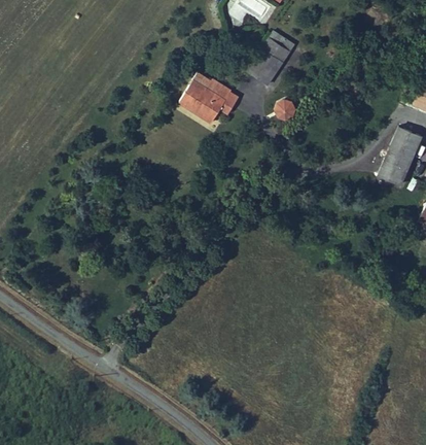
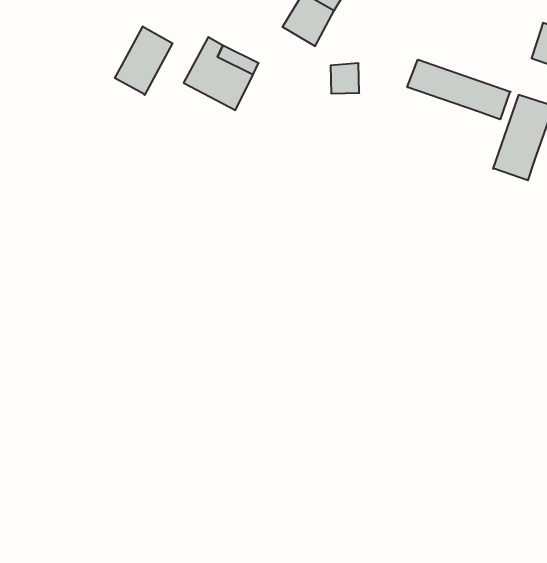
building: none -> [115,26,173,95]
building: none -> [407,60,511,119]

